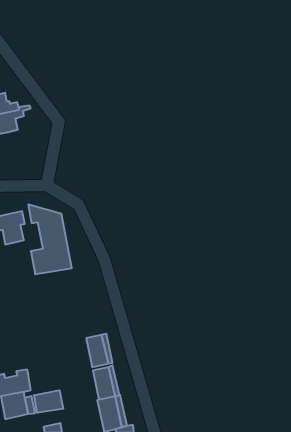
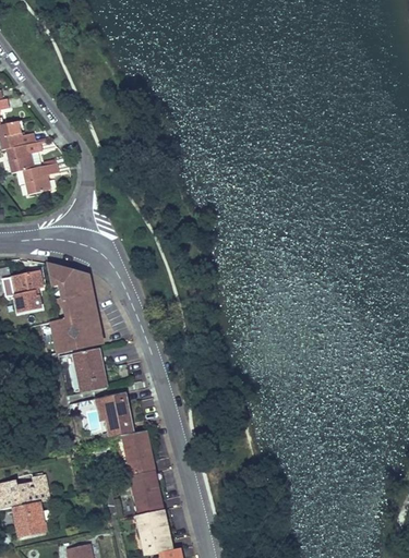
building: none -> [21,158,58,194]
building: none -> [72,348,108,391]
building: none -> [95,390,135,435]
building: [34,390,63,413] -> none

